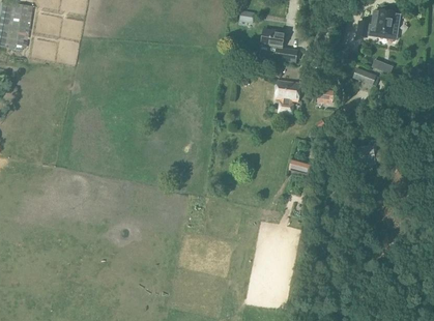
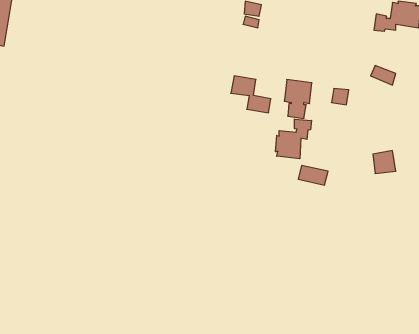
building: [261,29,297,62] -> [231,76,271,113]
building: none -> [275,119,311,159]

